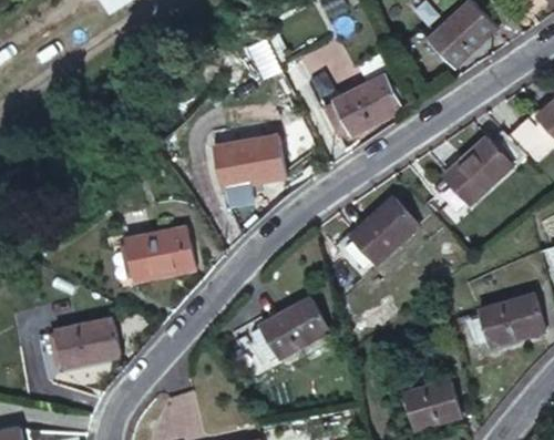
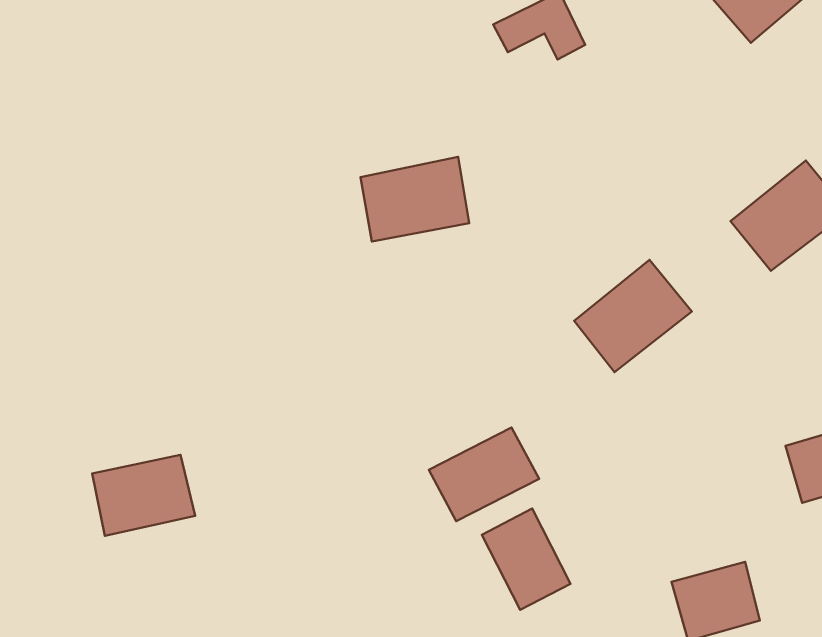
building: [329,73,398,134] -> none
building: [130,227,195,277] -> none
building: none -> [482,509,571,610]

